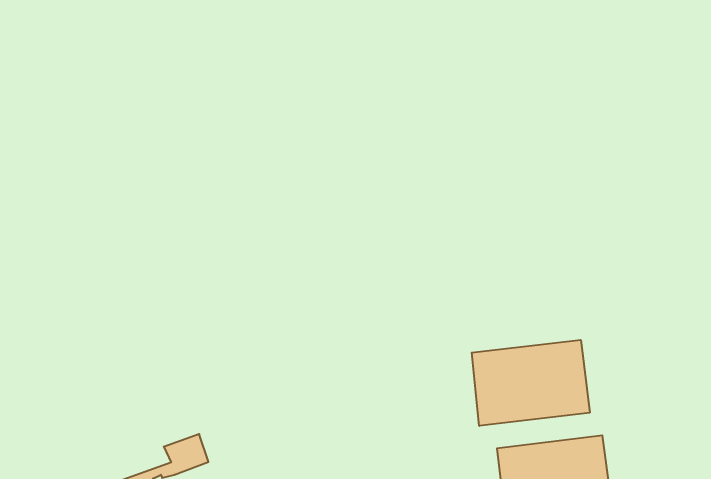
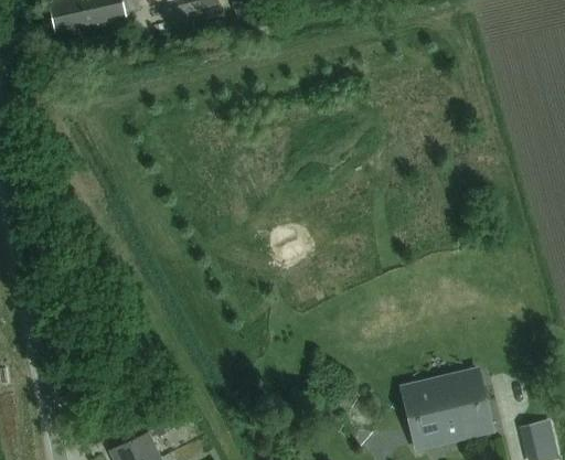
building: [472,340,590,426] -> none

